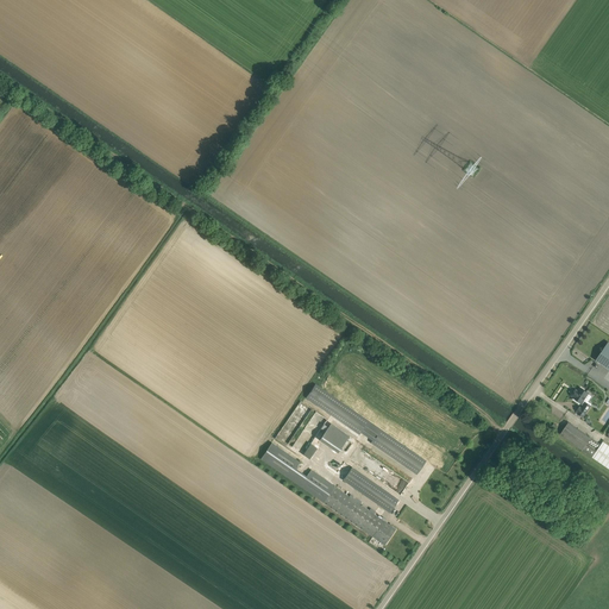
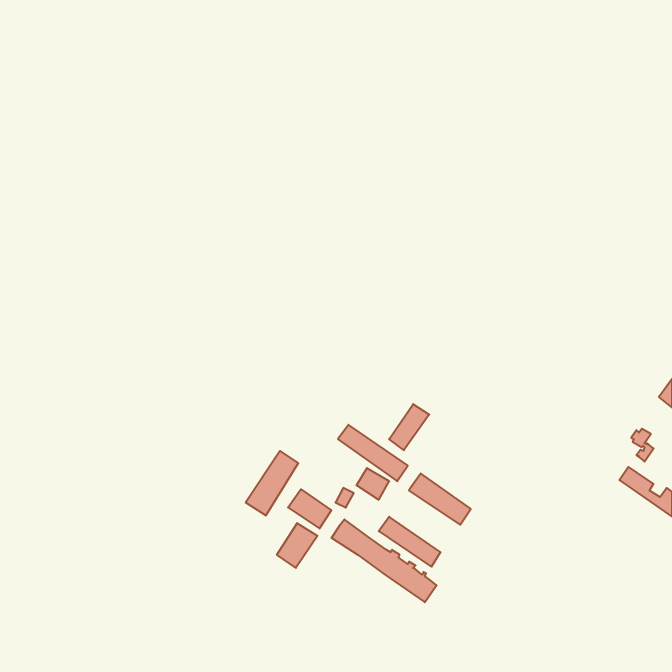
building: none -> [389,404,429,450]
building: none -> [246,451,298,516]
building: none -> [277,523,317,568]

